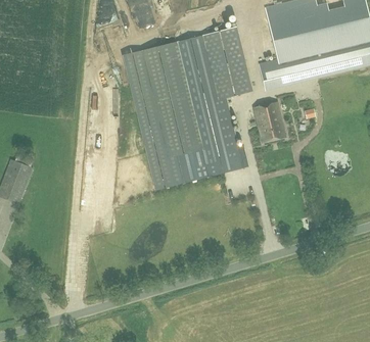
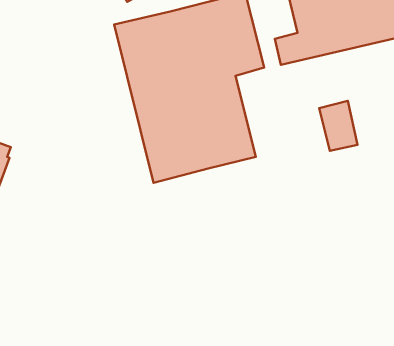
building: [252,100,285,143] -> [319,101,357,151]

